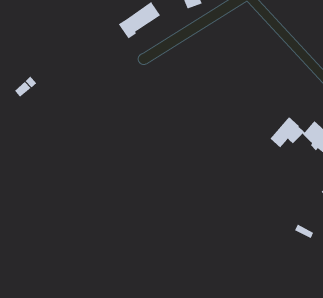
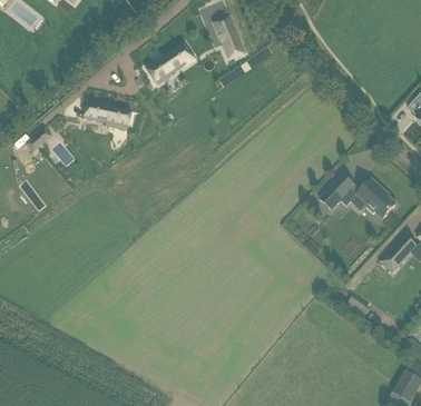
building: none -> [82,98,130,130]

